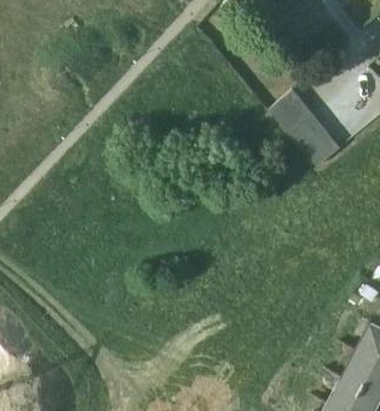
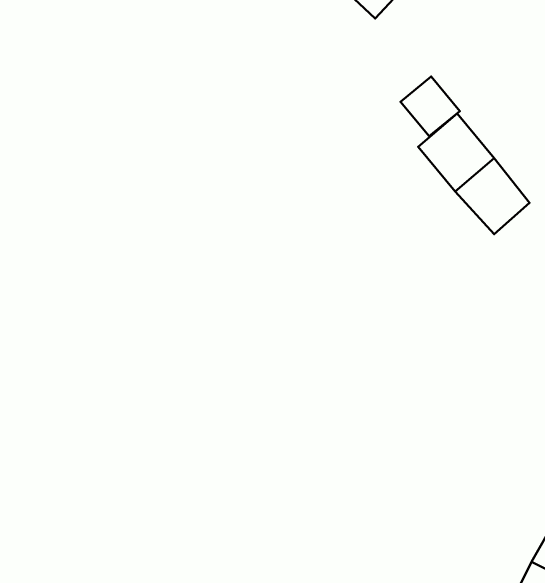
building: none -> [400,77,460,136]

